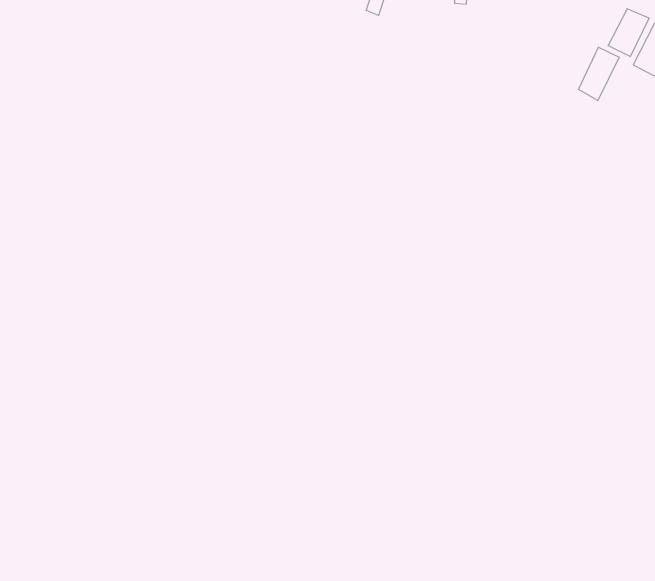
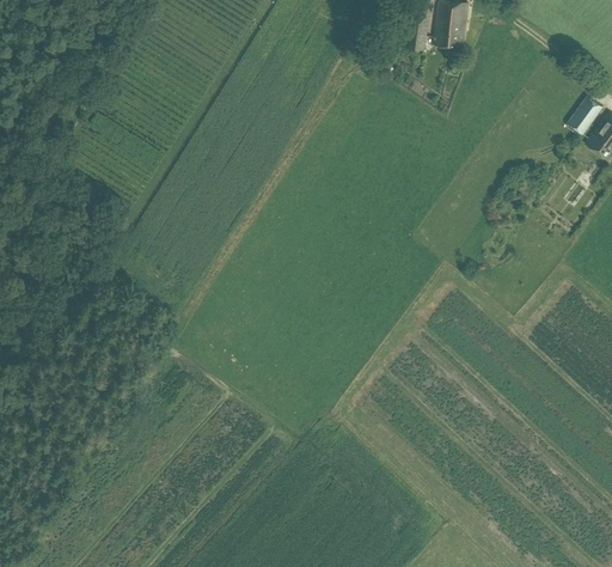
building: [578,47,619,101] -> none

